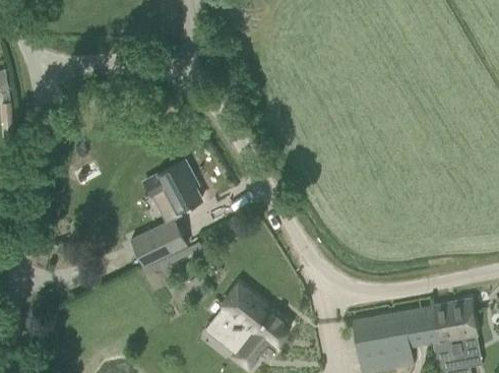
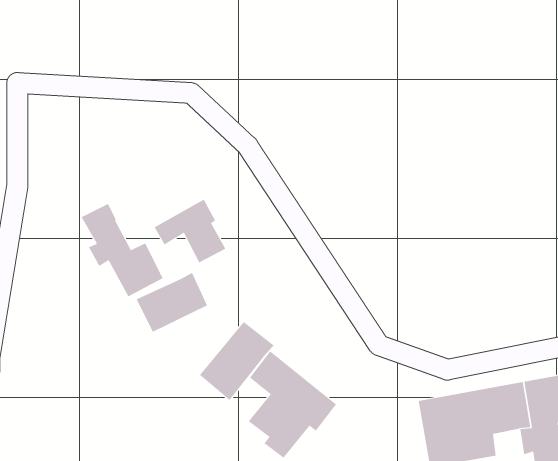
building: none -> [81,203,164,297]
building: none -> [199,321,275,401]

